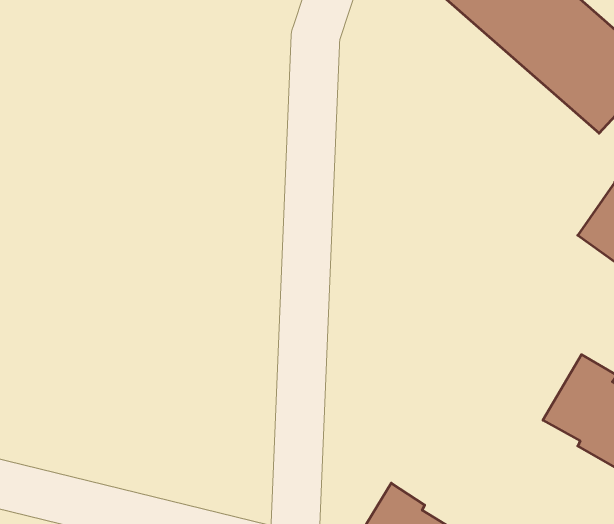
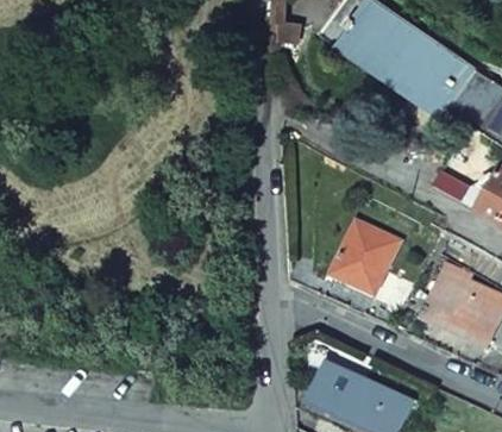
building: none -> [318,213,401,294]

